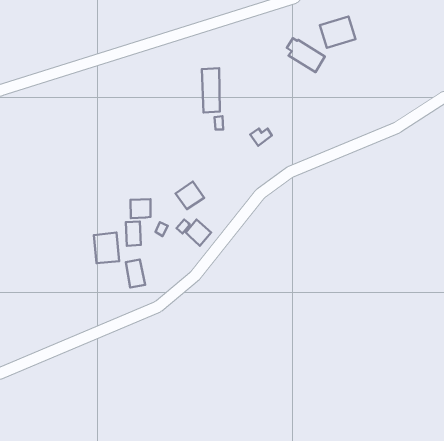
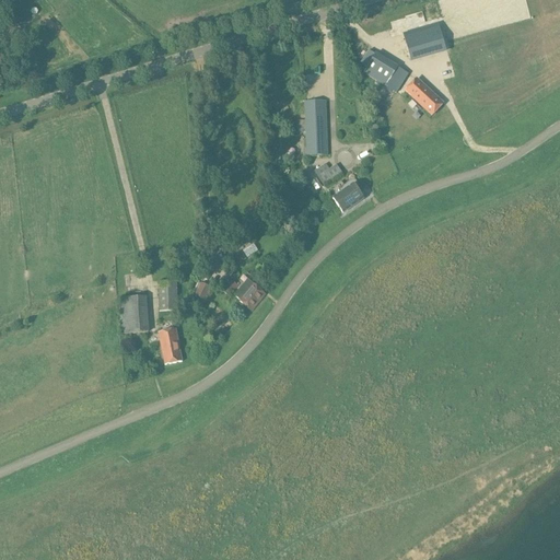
building: none -> [406,78,443,113]
building: [202,68,220,112] -> [304,98,327,154]
building: none -> [332,182,363,211]
building: [130,199,151,218] -> none

